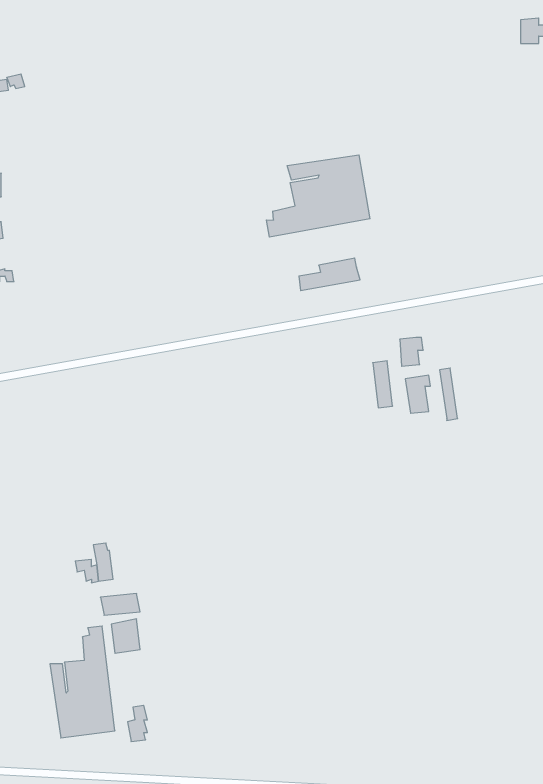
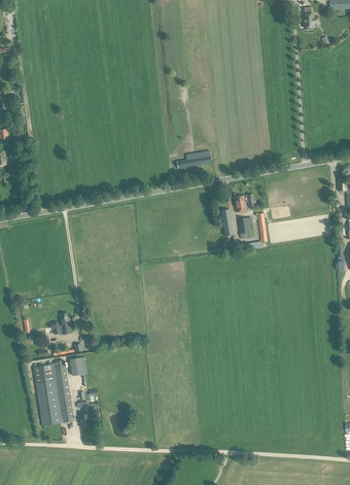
building: [266,155,370,237] -> none

